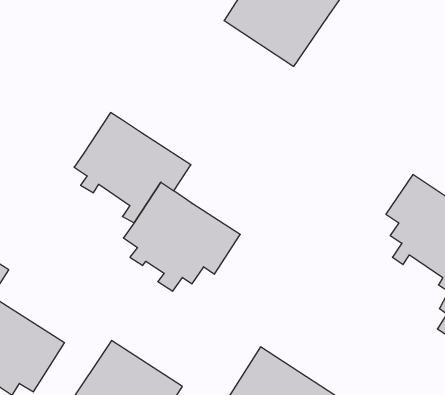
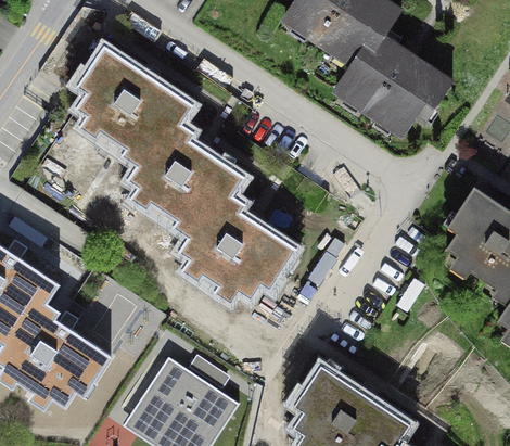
building: none -> [341,29,463,138]
building: none -> [71,42,197,166]

